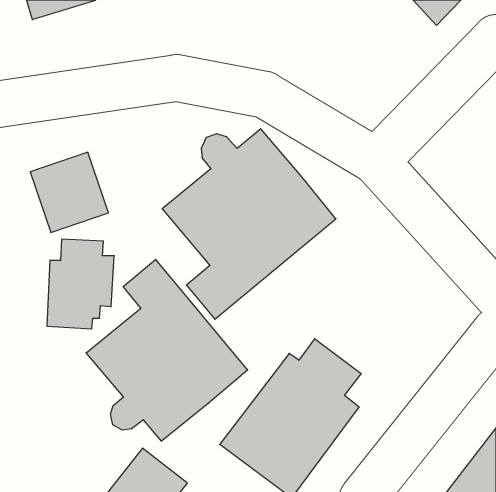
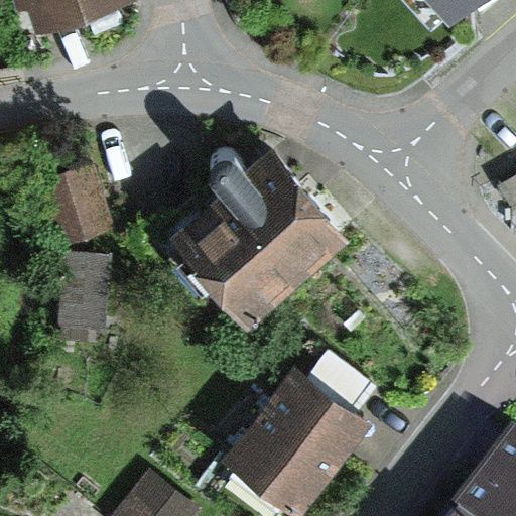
building: [86,259,248,441] -> none

